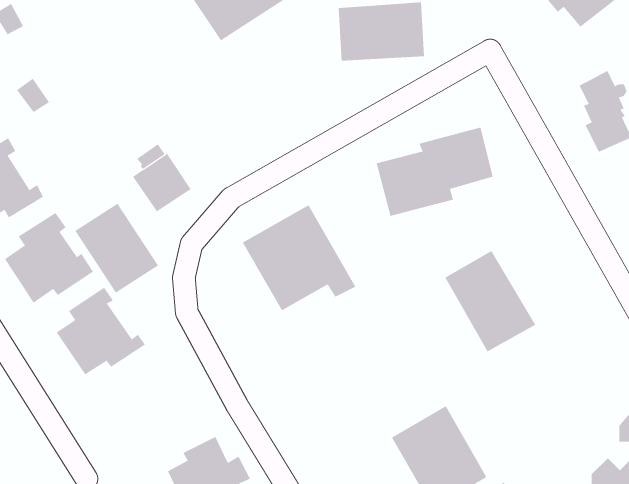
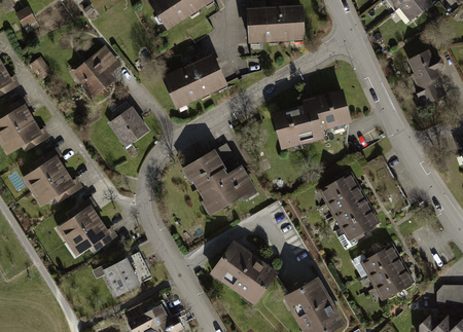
building: none -> [69,46,120,98]
building: none -> [162,54,228,109]
building: [75,203,159,293] -> none
building: none -> [212,241,279,305]
building: none -> [359,242,416,300]
building: none -> [93,253,152,297]

